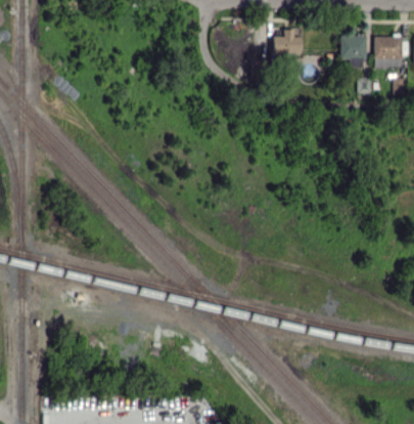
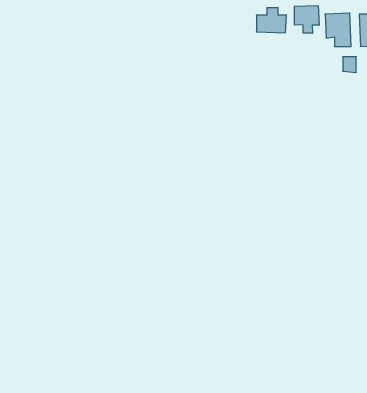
building: none -> [294,6,319,33]

